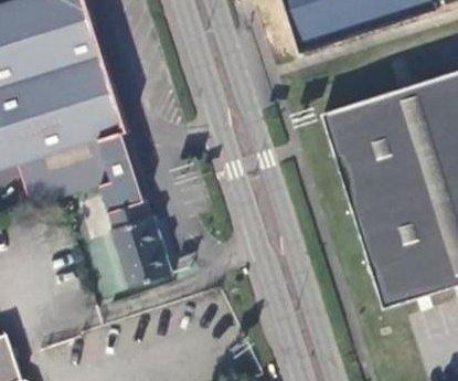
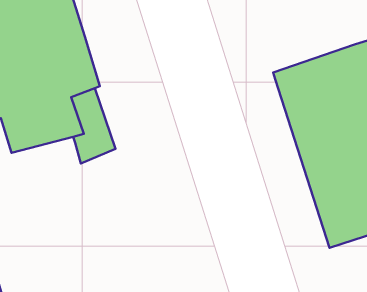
building: [108,201,173,292] -> none

